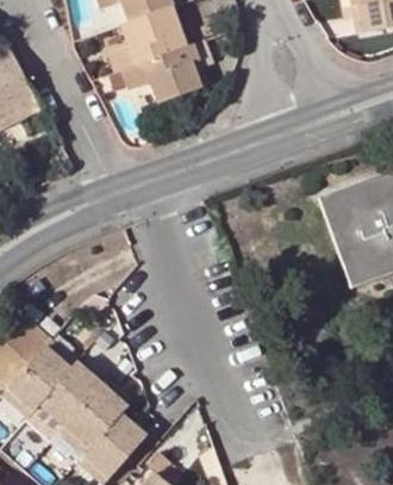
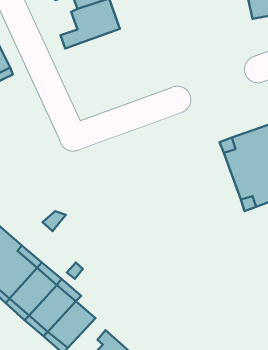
building: [104,46,204,105] -> none

